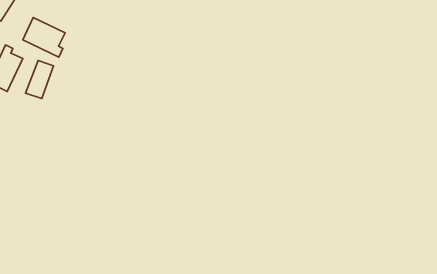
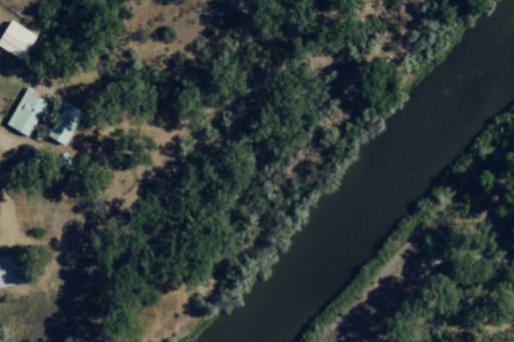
building: [23,18,65,57] -> none

